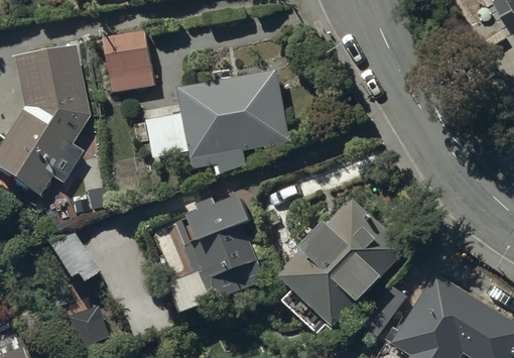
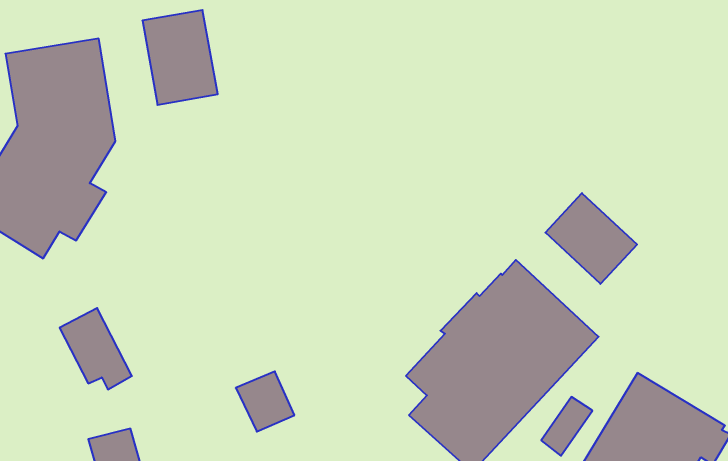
building: [146,71,287,176] -> none
building: none -> [545,193,637,284]
building: [180,192,264,299] -> none

